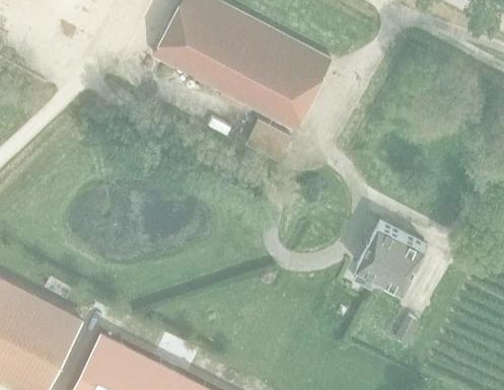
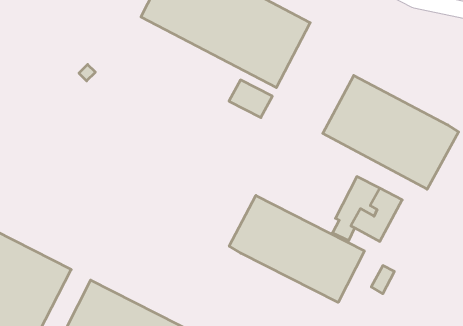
building: none -> [323,75,459,189]
building: none -> [229,195,364,302]

